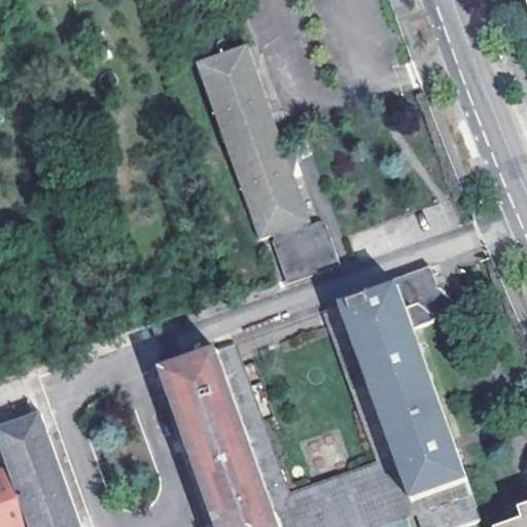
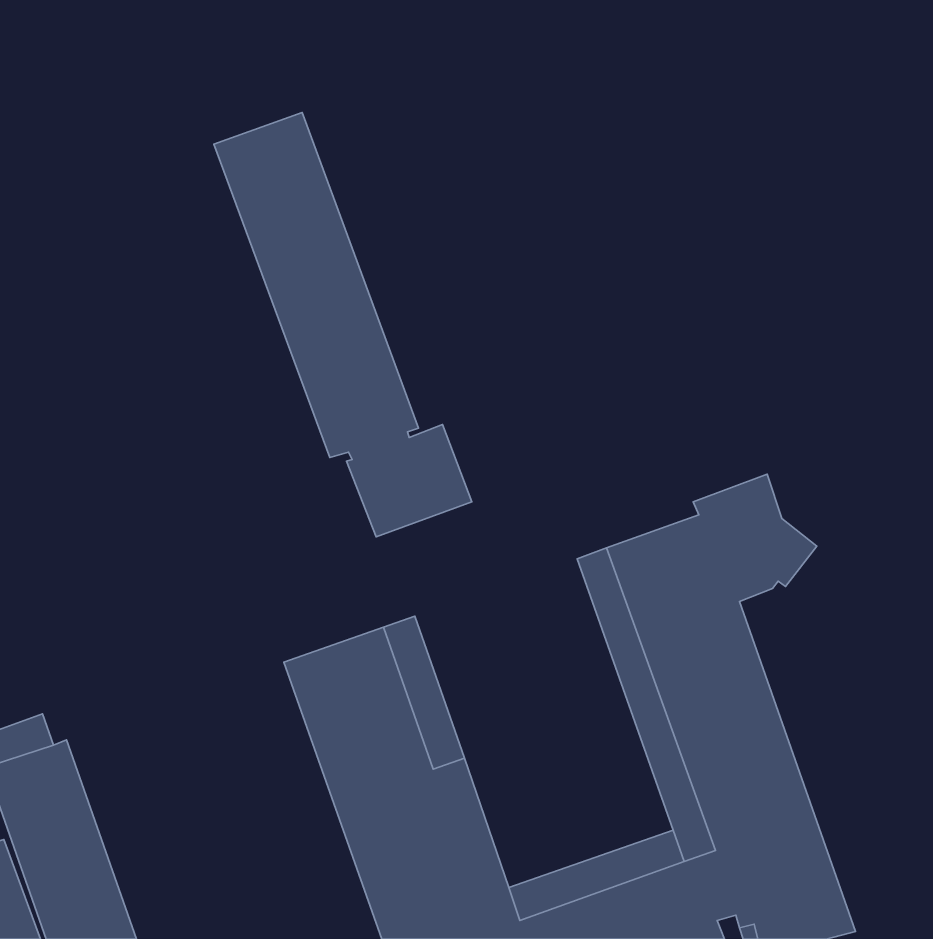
building: [198,43,342,280] -> [214,113,472,537]

